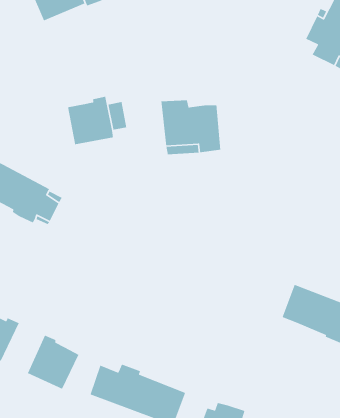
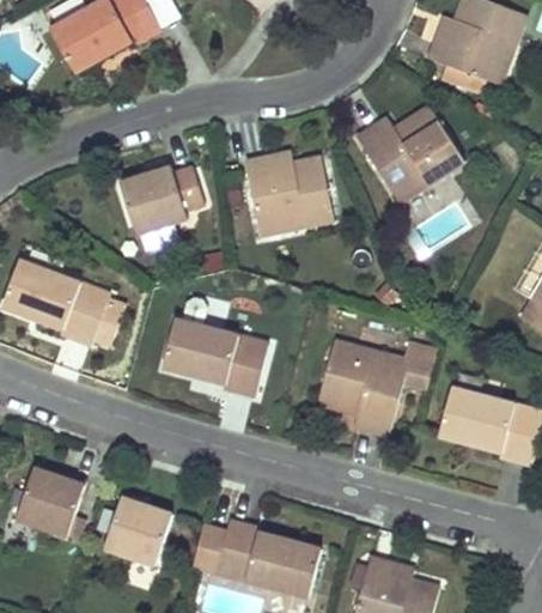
building: none -> [357,105,464,201]
building: none -> [162,321,269,395]
building: none -> [316,340,436,435]

